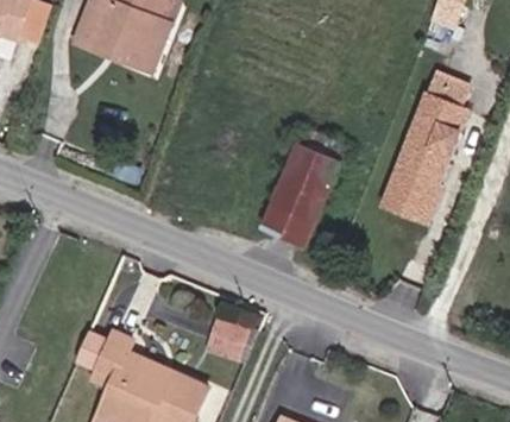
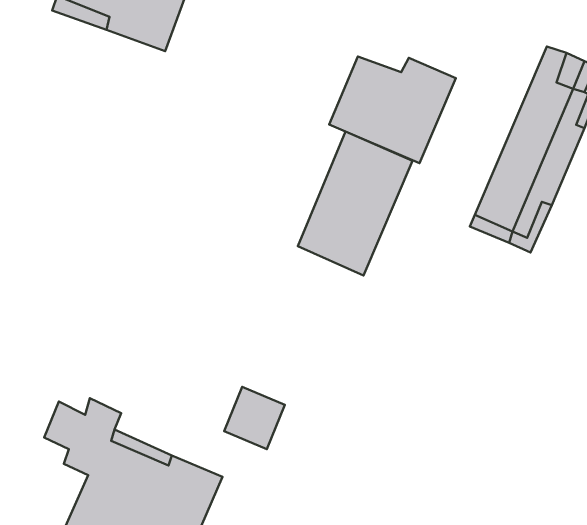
building: none -> [329,56,456,163]

